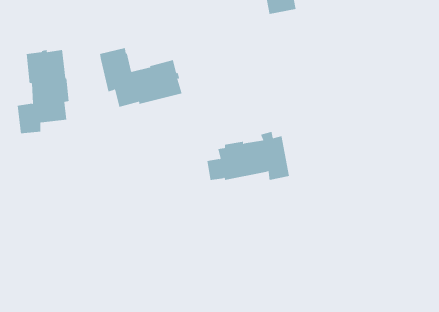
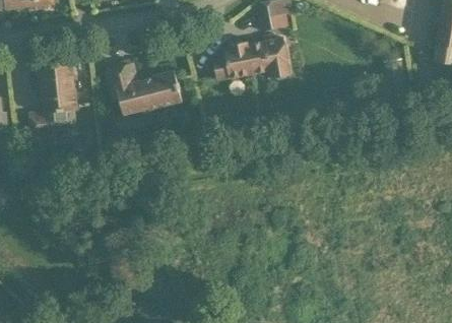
building: [207,131,290,181] -> [213,34,290,79]

